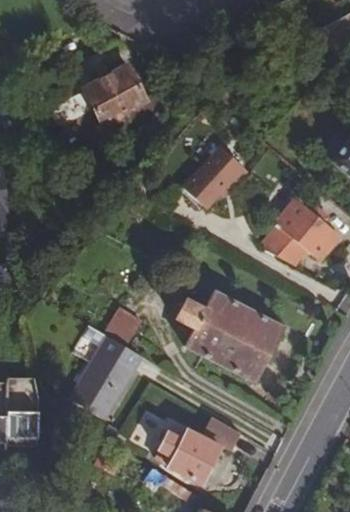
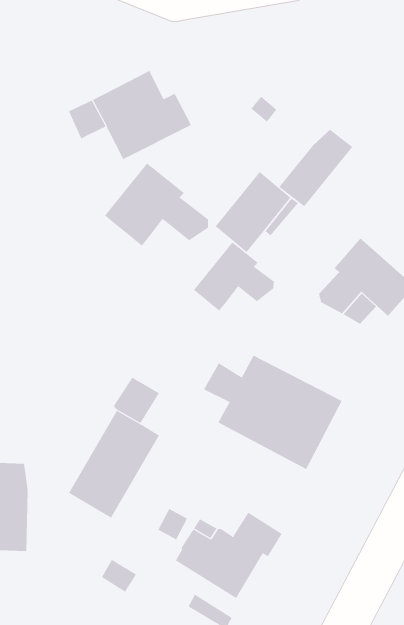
building: none -> [279,129,353,207]
building: none -> [104,162,209,246]
building: none -> [193,241,274,311]

